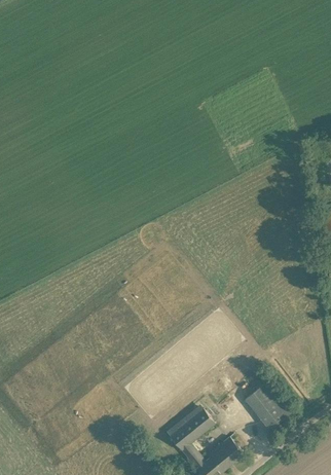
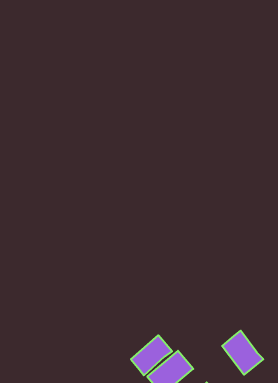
building: none -> [131,335,172,375]

